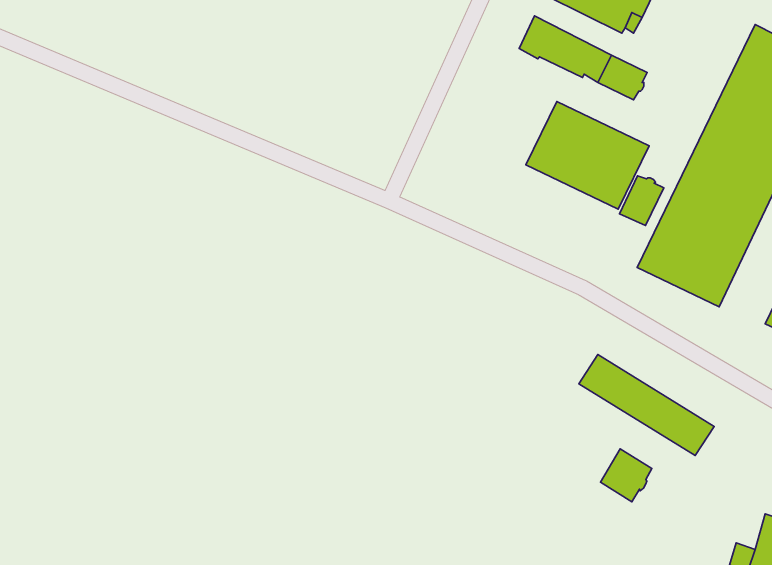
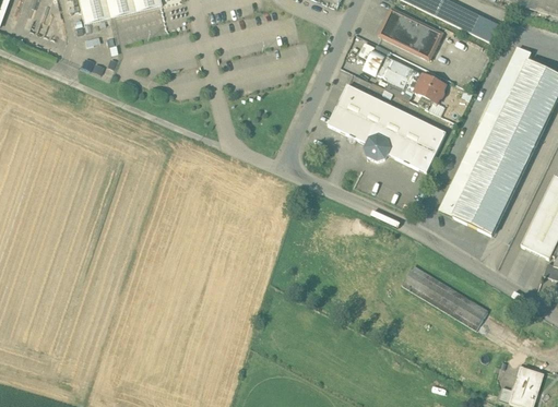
building: none -> [329,84,389,144]
building: [619,176,664,226] -> none
building: [600,449,652,502] -> none

